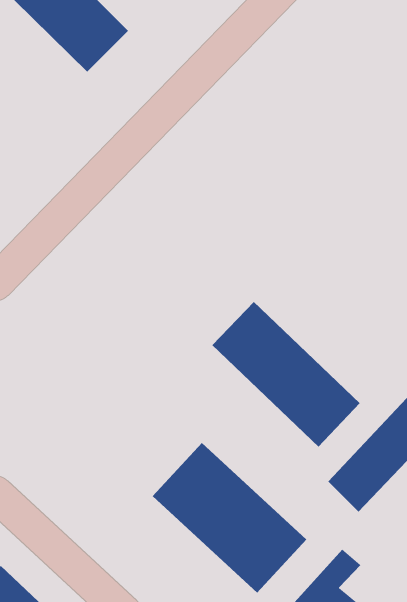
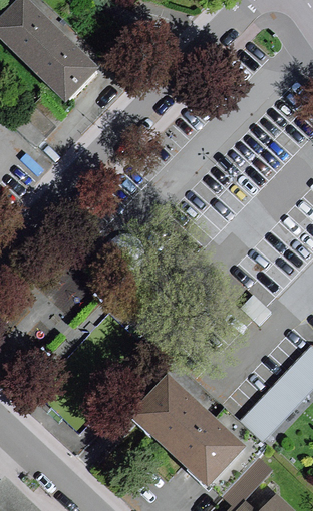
building: [212,301,361,447] -> none

